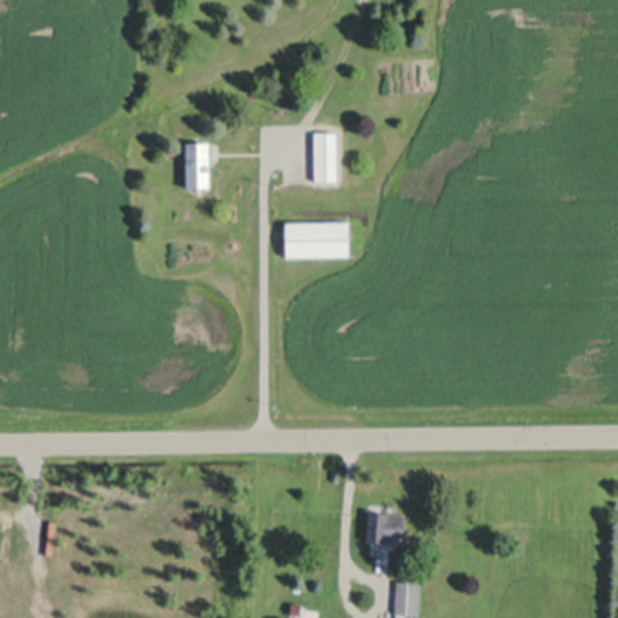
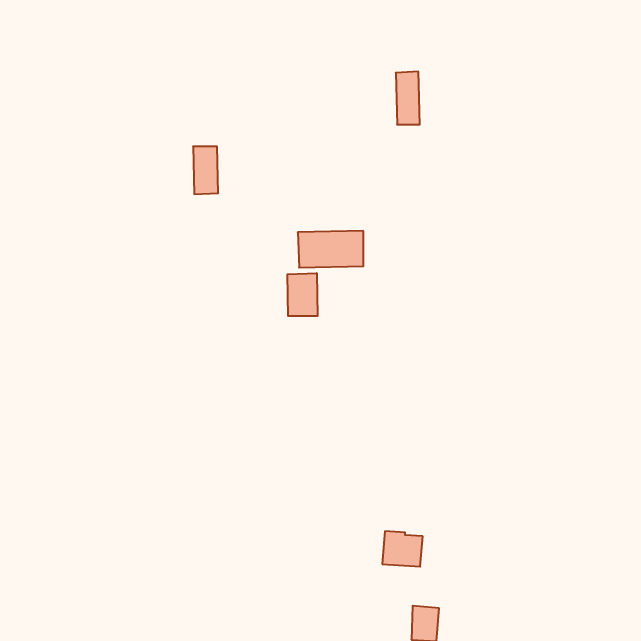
building: [313,133,336,183] -> [396,72,420,125]
building: none -> [287,273,318,316]

